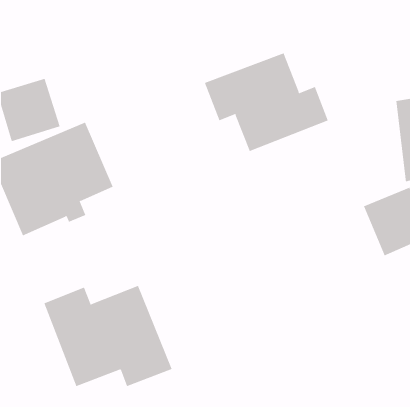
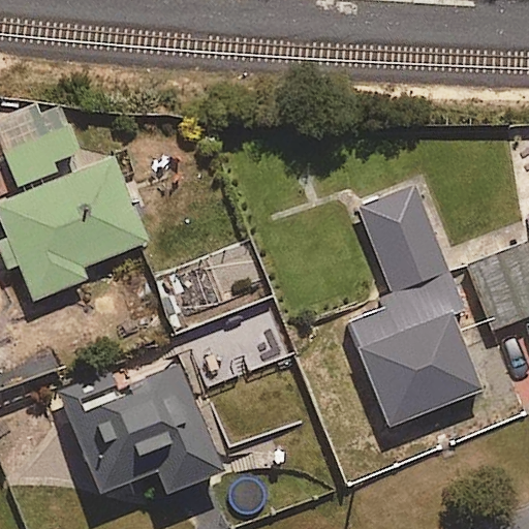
building: [204,53,329,152] -> none
building: none -> [346,185,493,428]

